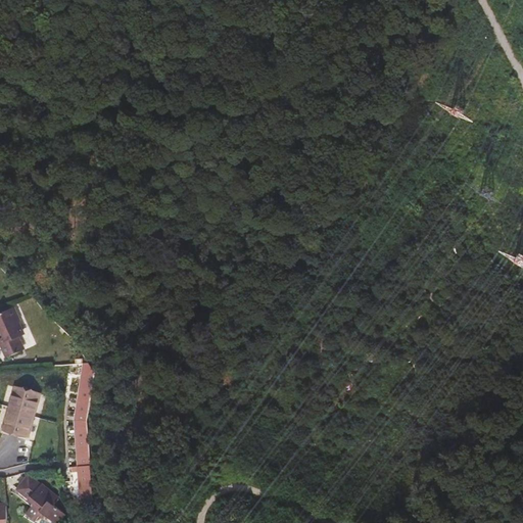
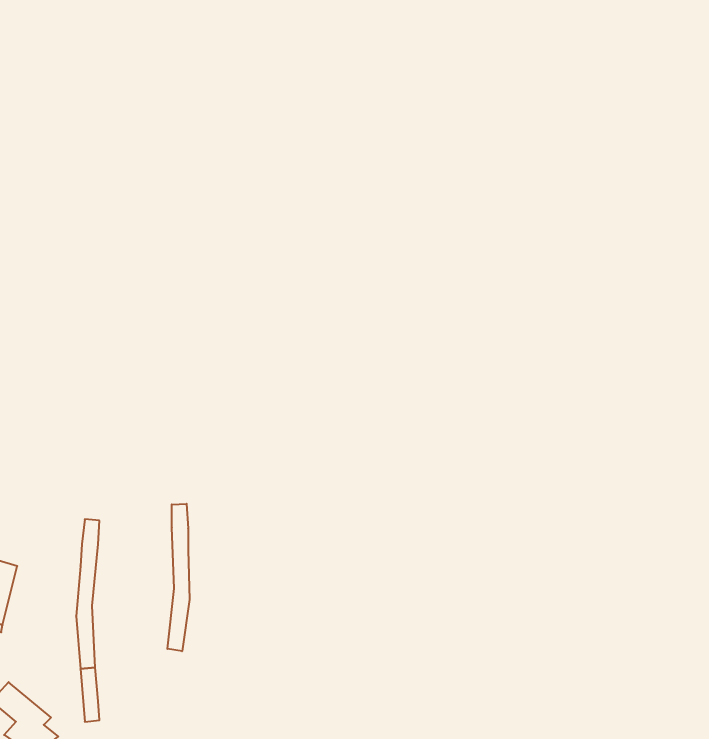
building: none -> [167,504,190,651]

